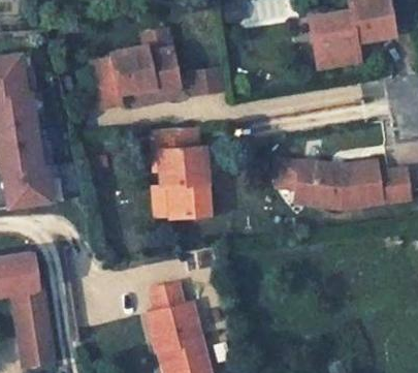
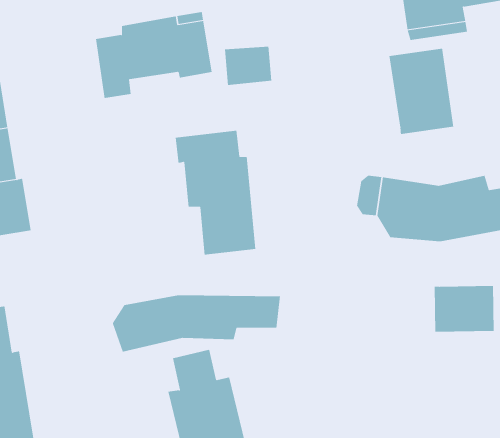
building: none -> [389,48,454,135]
building: none -> [434,285,494,332]
building: none -> [112,294,280,353]

